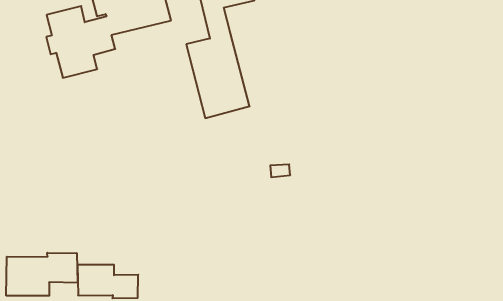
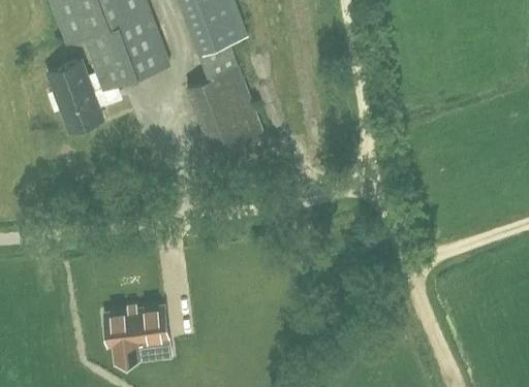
building: [6,253,77,296] -> none

